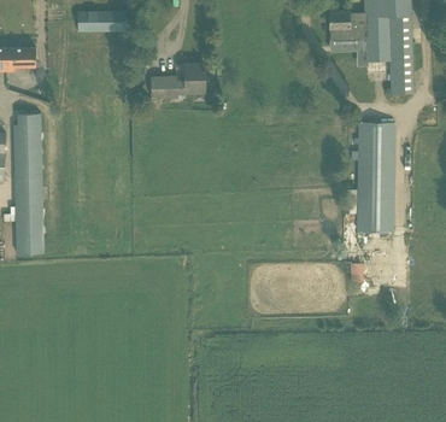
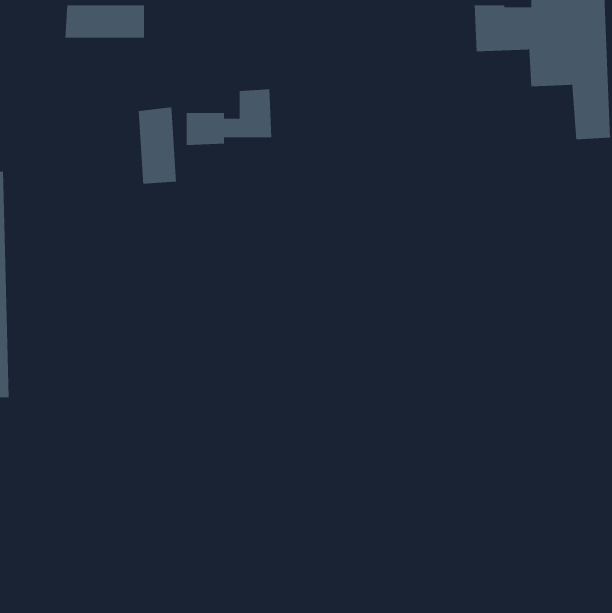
building: none -> [138,107,176,184]
building: [351,123,395,231] -> none

